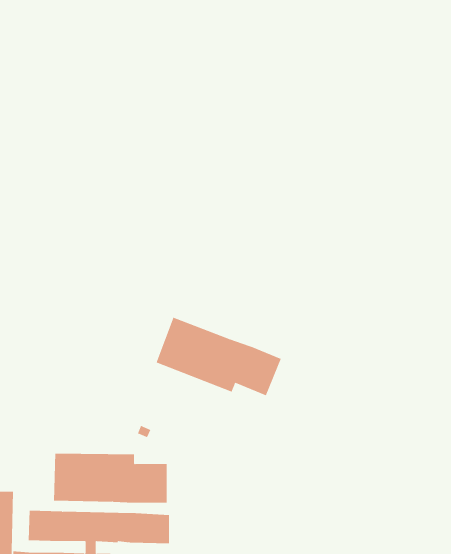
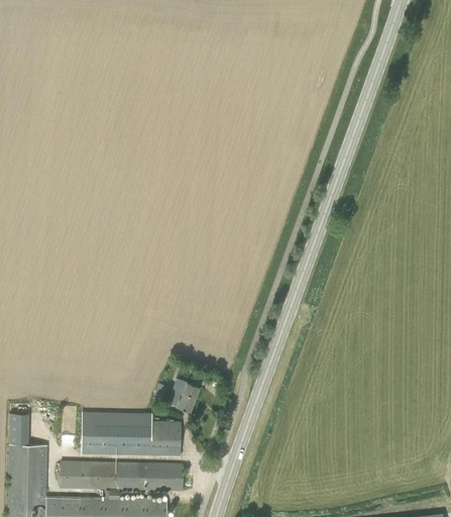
building: [156,317,281,396] -> none
building: none -> [167,378,200,411]

